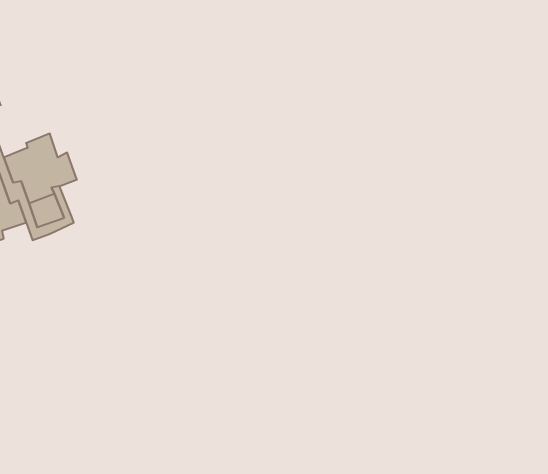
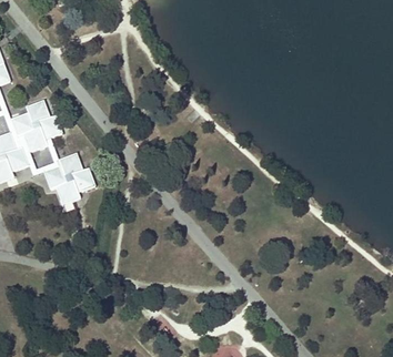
building: none -> [42,154,93,204]

